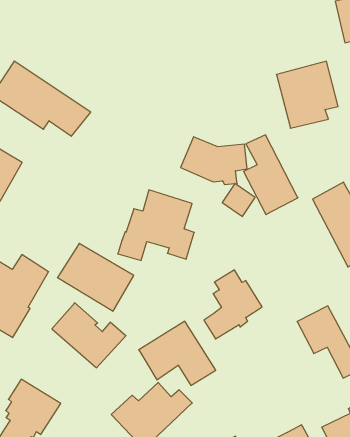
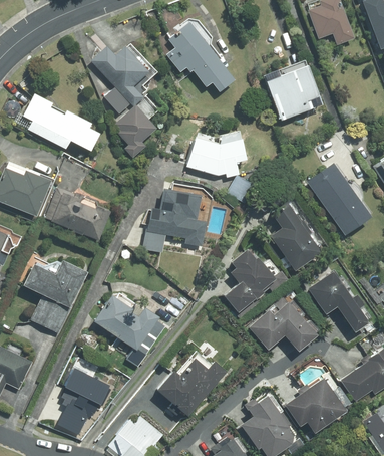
building: none -> [167,23,235,95]
building: none -> [92,45,157,157]
building: [244,135,298,215] -> [270,202,321,271]
building: [57,243,134,311] -> [45,186,111,241]
building: [139,321,216,385] -> [248,296,317,352]

